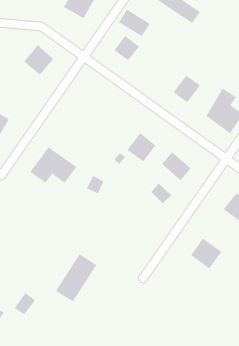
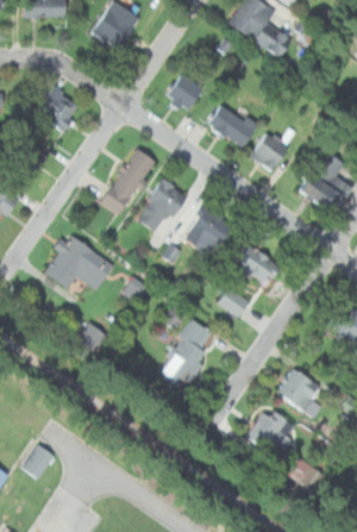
building: [118,9,150,37] -> [208,106,255,146]
building: none -> [102,148,157,214]
building: none -> [137,181,188,236]
building: none -> [69,321,107,361]
building: [55,254,97,302] -> [157,318,218,388]
building: none -> [248,406,298,457]
building: none -> [293,457,327,492]

